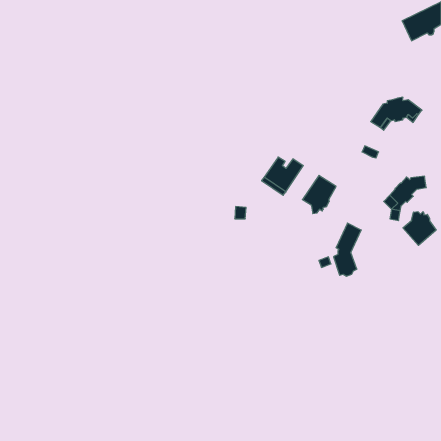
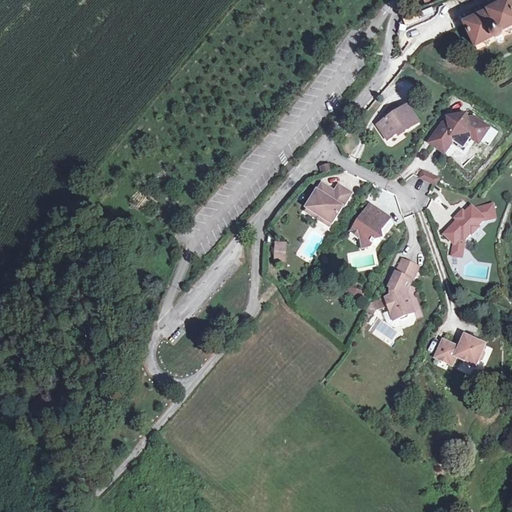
building: none -> [375,102,417,137]
building: [403,212,436,245] -> none
building: none -> [434,333,484,364]

